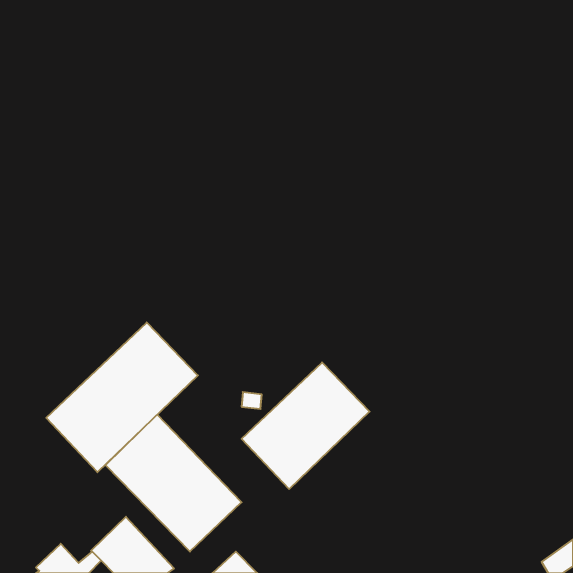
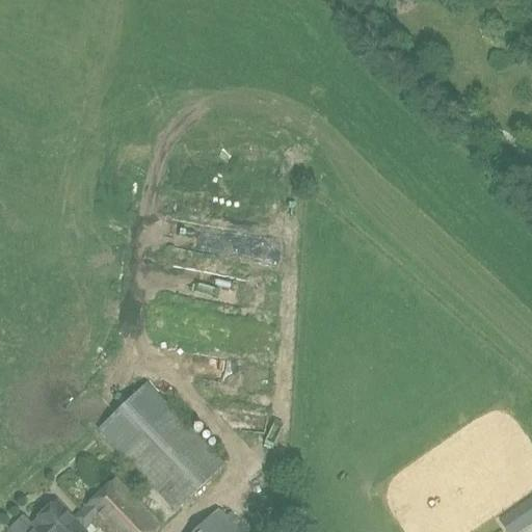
building: [46,322,198,472] -> none
building: [242,362,370,489] -> none

